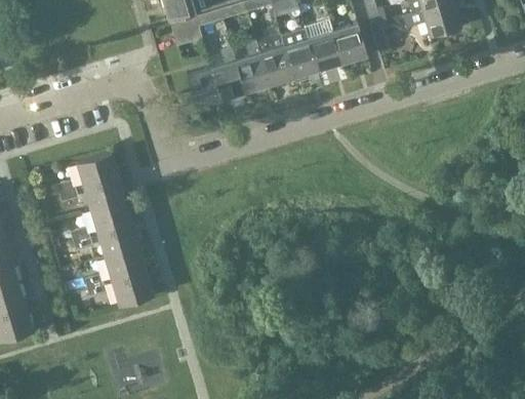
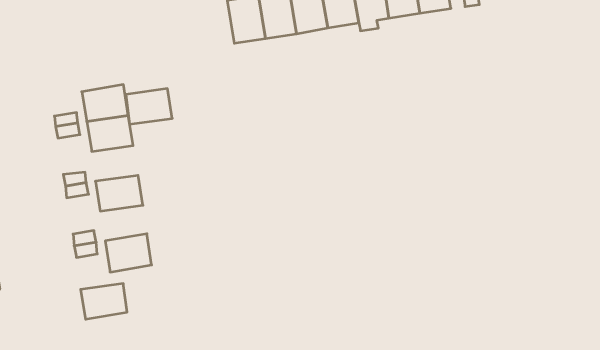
building: [92,200,132,233] -> [126,89,172,124]
building: [106,247,146,280] -> [81,284,127,319]

